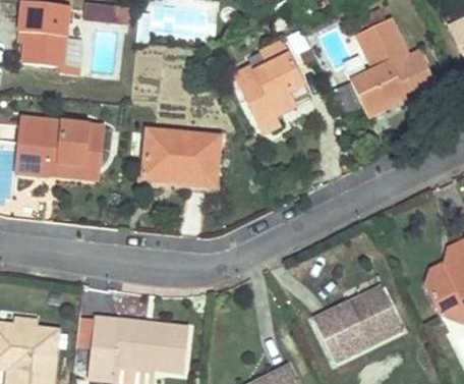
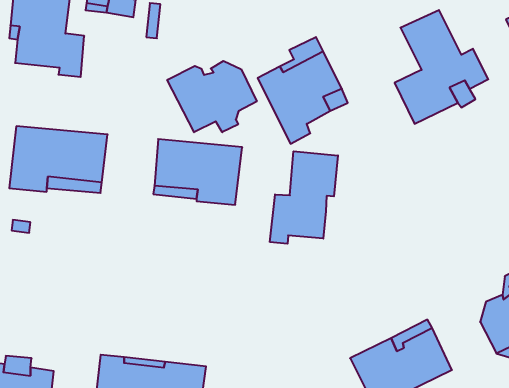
building: none -> [167,61,257,132]
building: none -> [270,151,338,244]

